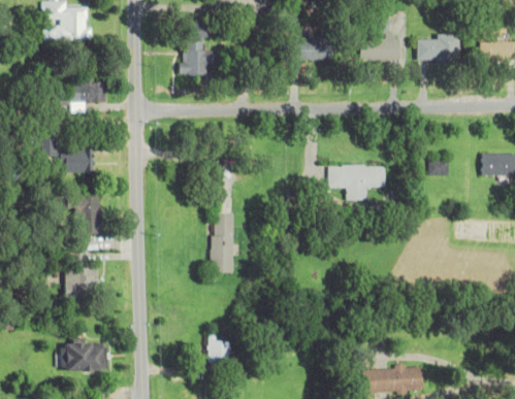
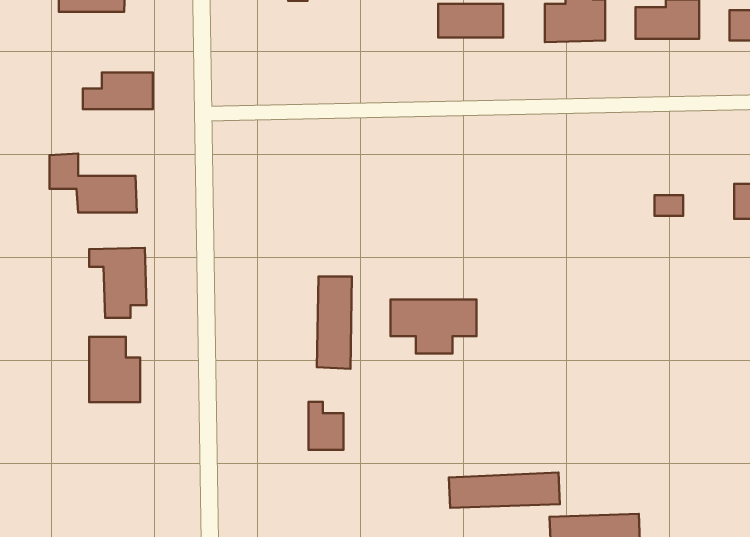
building: [179,40,213,75] -> none
building: [329,165,385,200] -> [390,299,477,354]
building: [208,333,231,364] -> [309,402,344,450]
building: none -> [449,472,560,508]
building: [60,342,105,371] -> none

